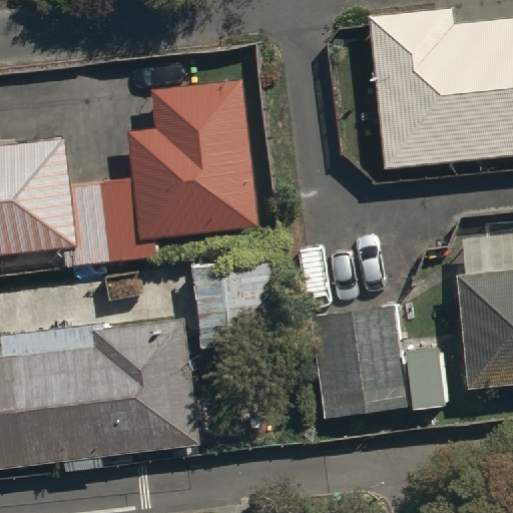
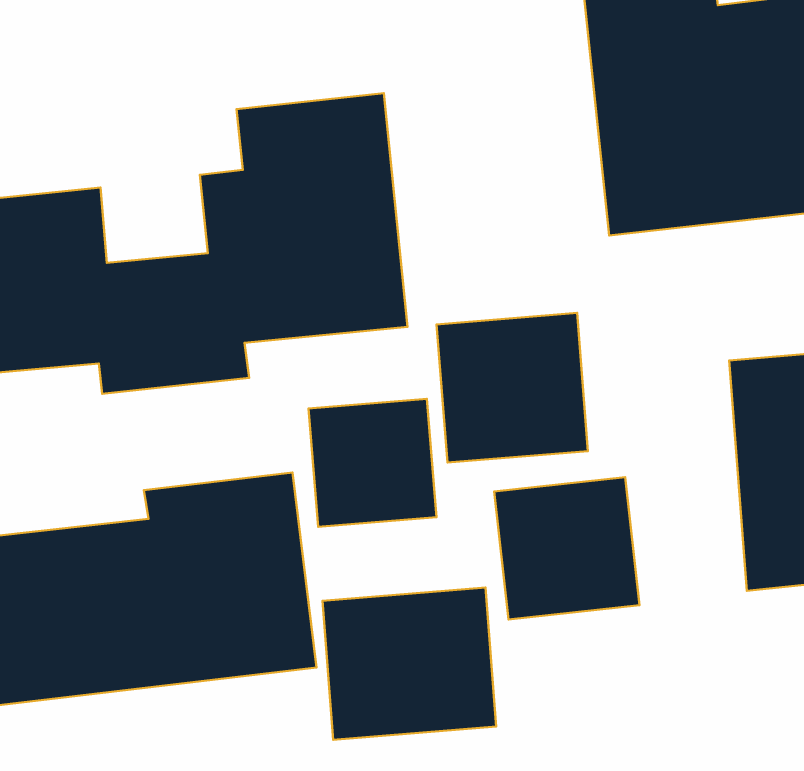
building: none -> [437,313,588,462]
building: none -> [322,587,496,740]

